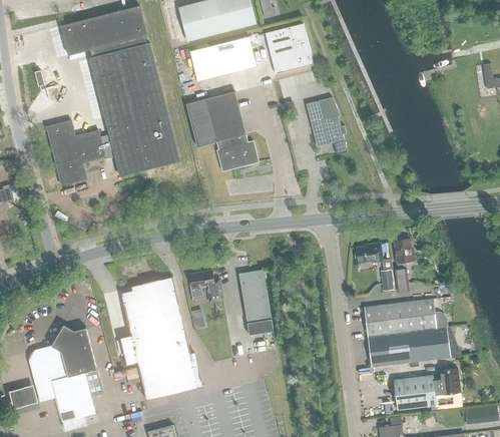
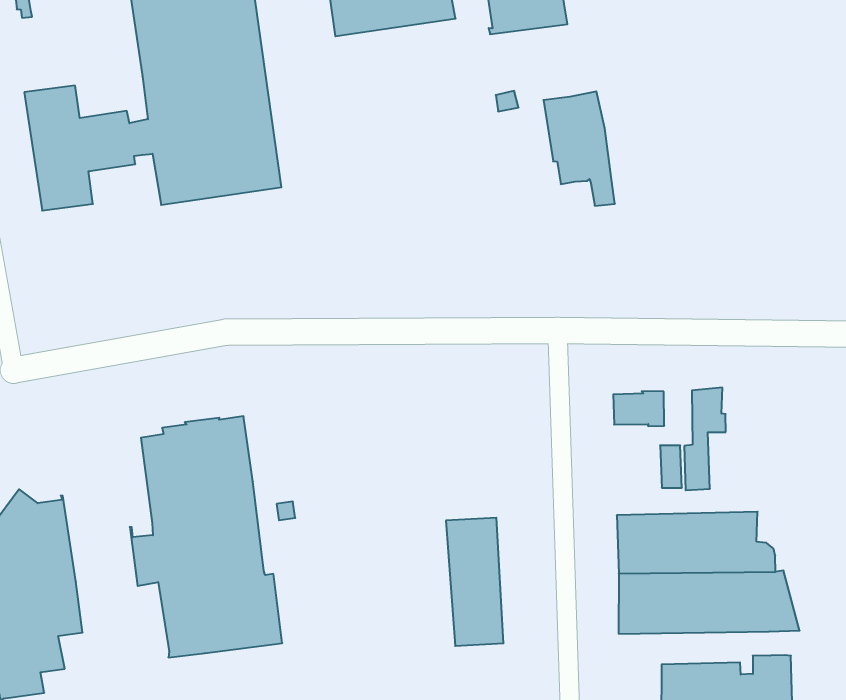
building: [185,90,258,170] -> none
building: [237,269,273,335] -> [446,518,504,646]
building: [188,270,221,302] -> none

